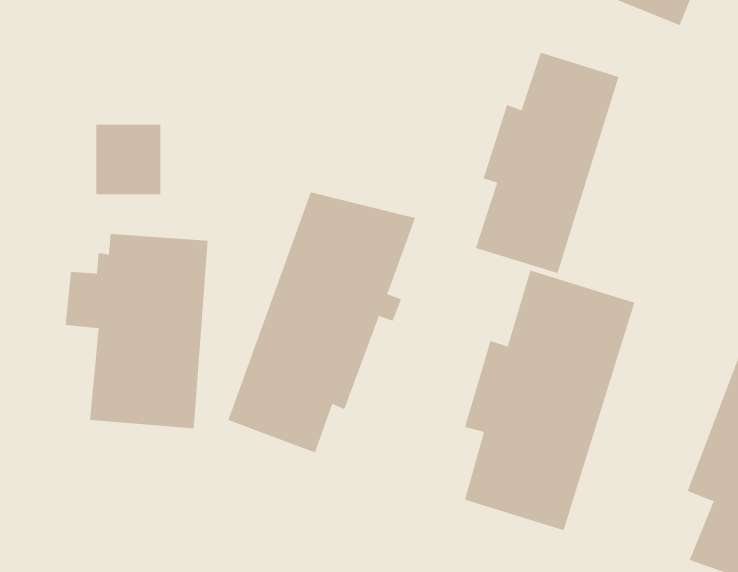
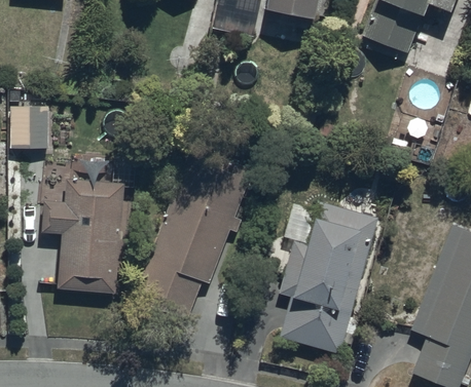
building: [475,52,619,274] -> none
building: [95,124,161,195] -> [10,106,49,148]

